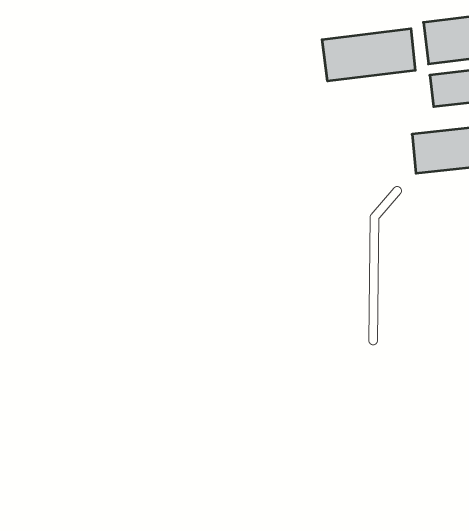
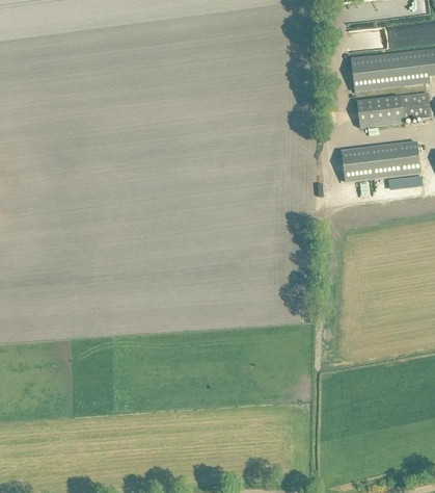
building: [322,29,415,81] -> none

